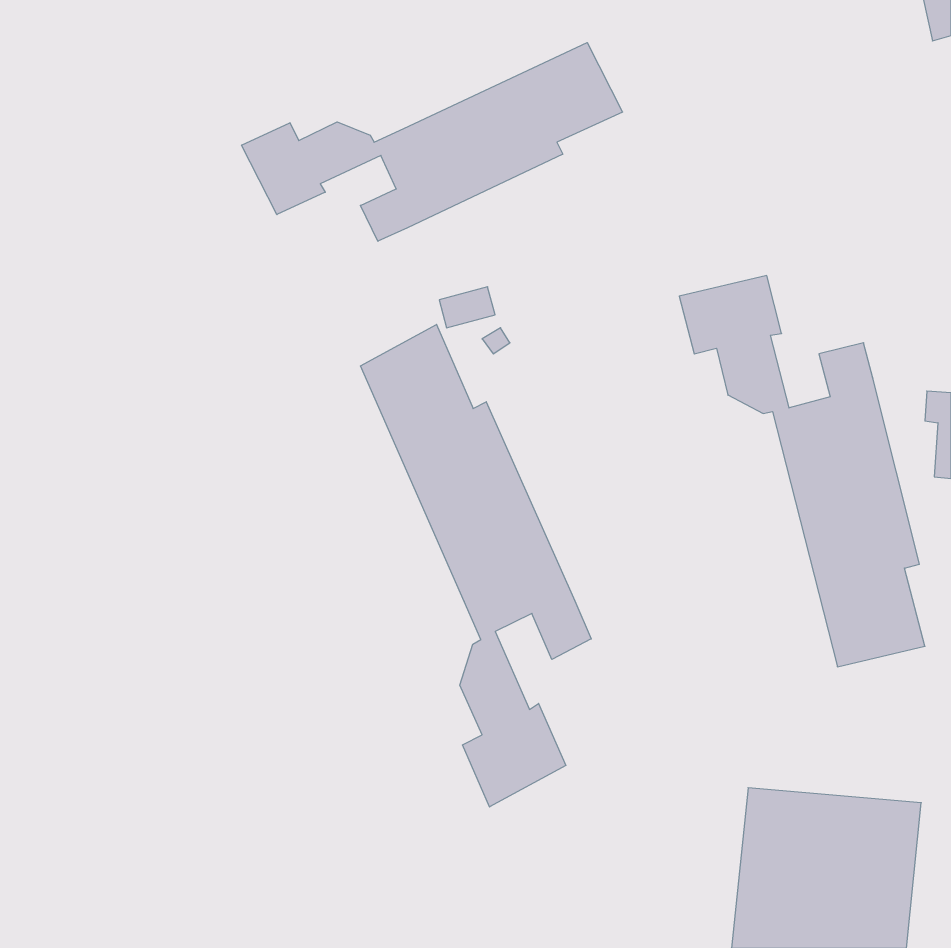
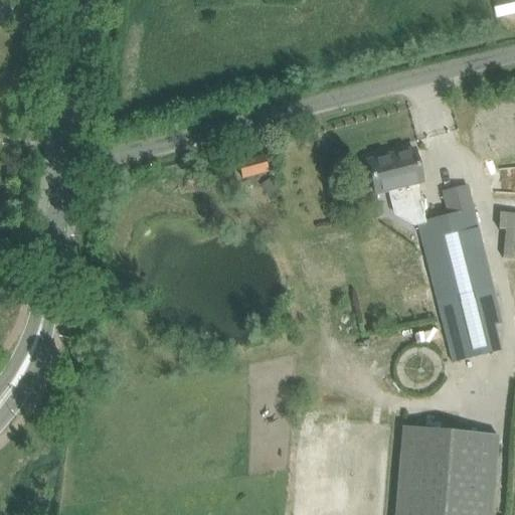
building: [242,43,623,241] -> none
building: [361,324,591,807] -> none

